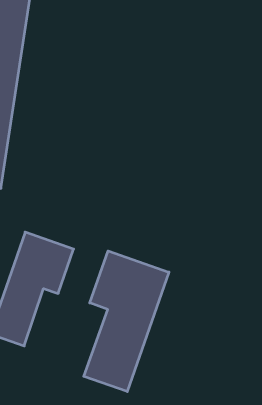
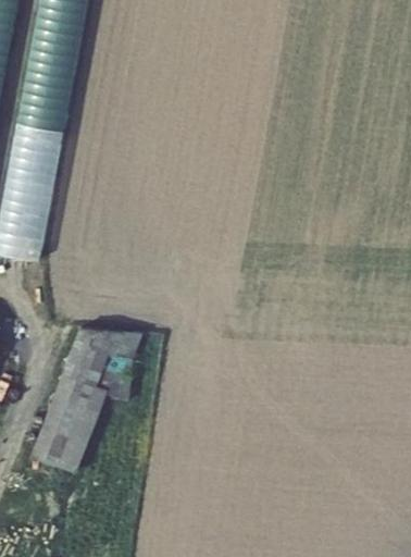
building: [84,251,169,392] -> none

